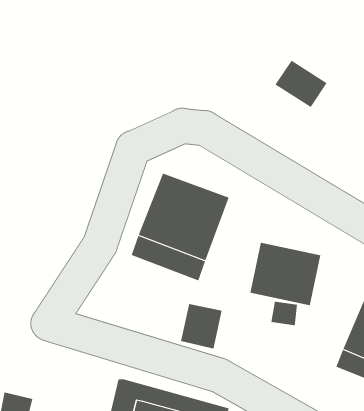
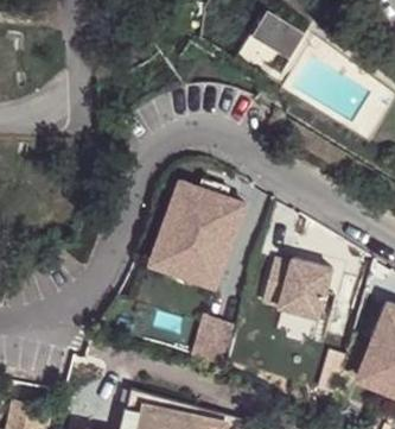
building: [275,60,328,108] -> [253,18,306,67]

